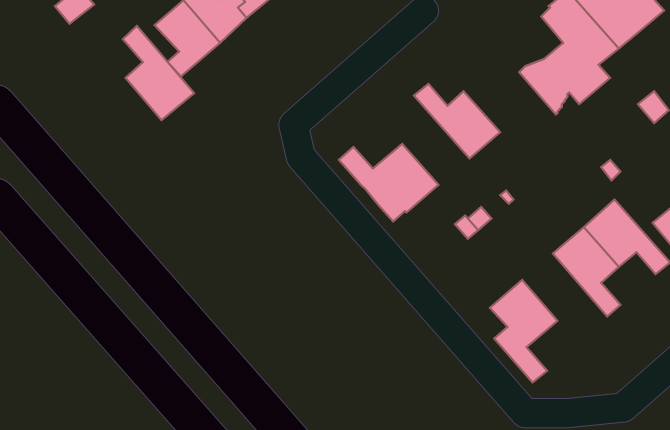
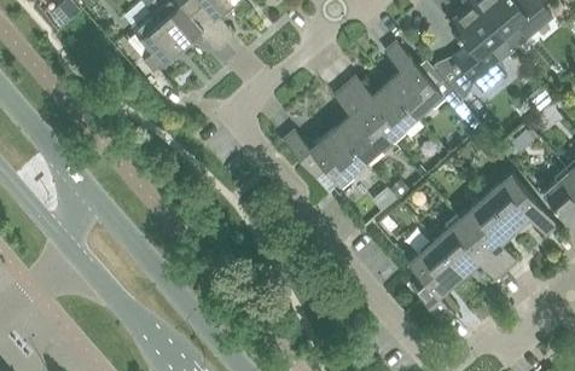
building: [123,26,194,120] -> none
building: none -> [384,44,461,118]
building: none -> [333,88,390,162]
building: none -> [434,219,504,280]

